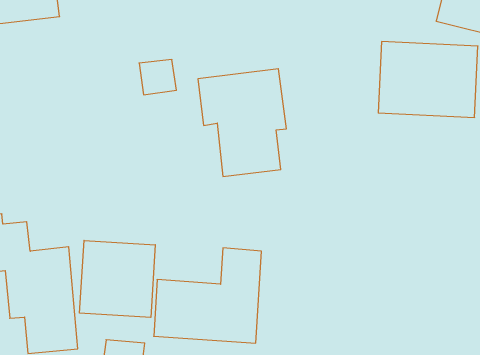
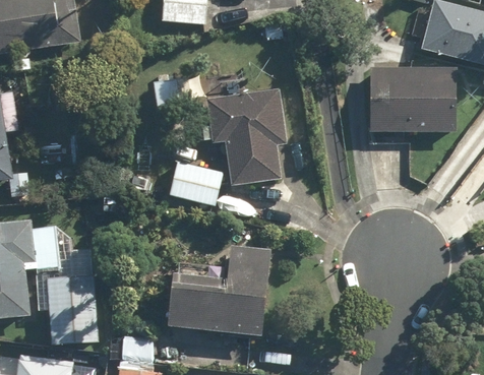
building: none -> [172,163,221,202]
building: [80,240,155,317] -> none

